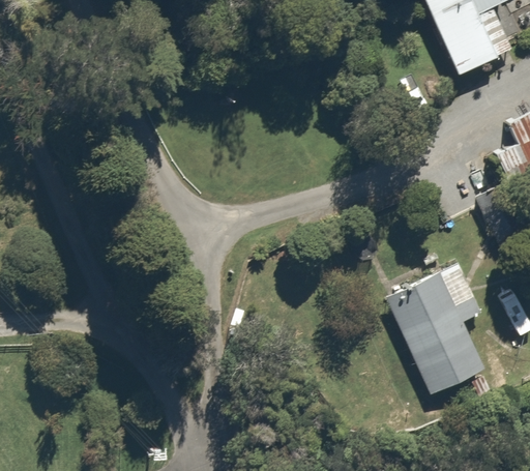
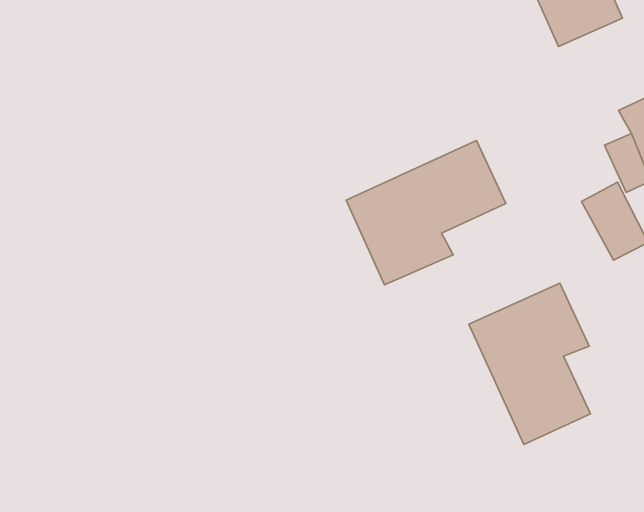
building: none -> [346,140,506,285]

